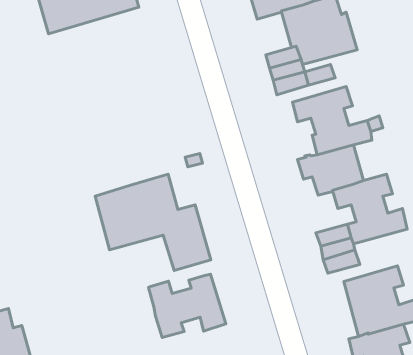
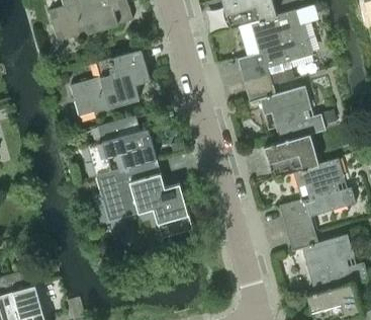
building: none -> [70,49,150,115]
building: none -> [87,117,157,176]
building: [148,274,226,337] -> none

